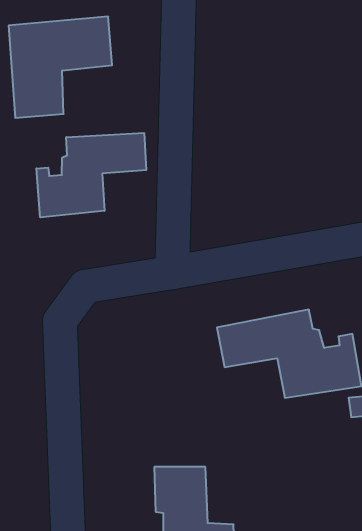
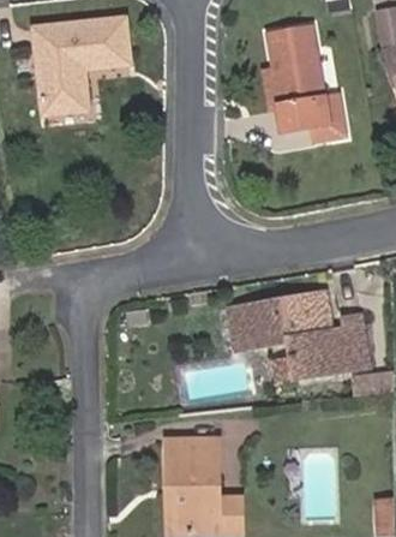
building: none -> [268,24,349,138]
building: [36,133,146,217] -> none

